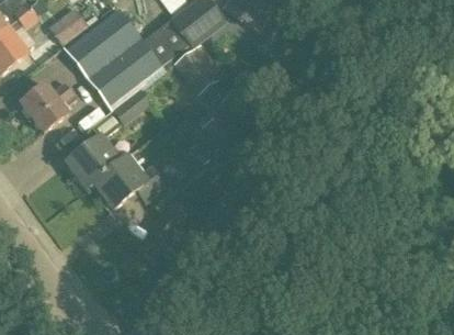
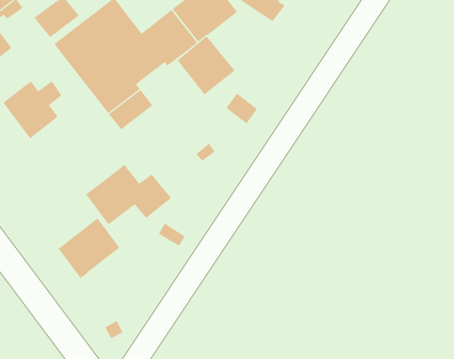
building: [66,133,121,187] -> [58,218,120,279]

